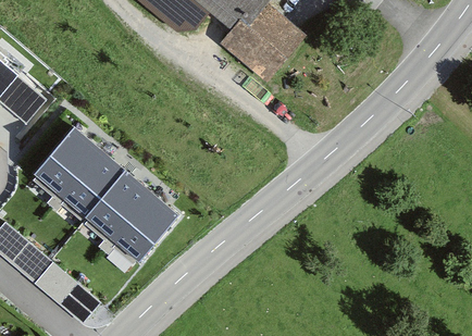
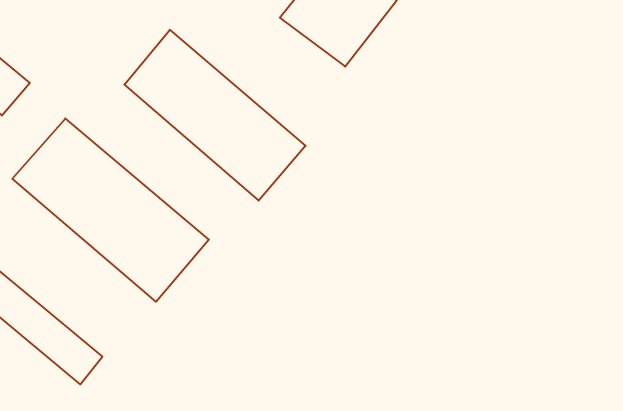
building: none -> [124,30,306,201]

